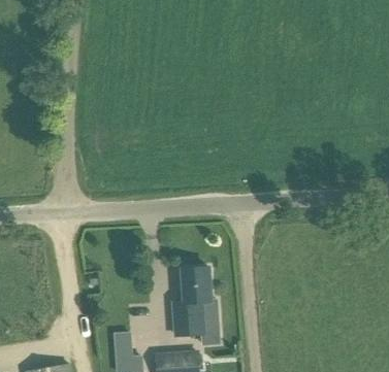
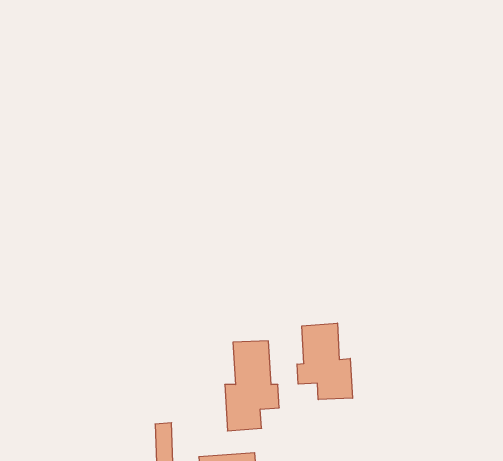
building: none -> [297,323,353,400]

